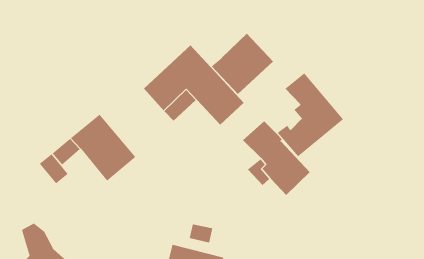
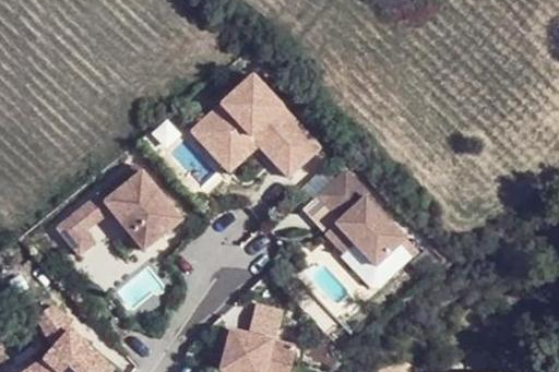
building: [211,33,274,95] -> none
building: [277,73,344,157] -> none

